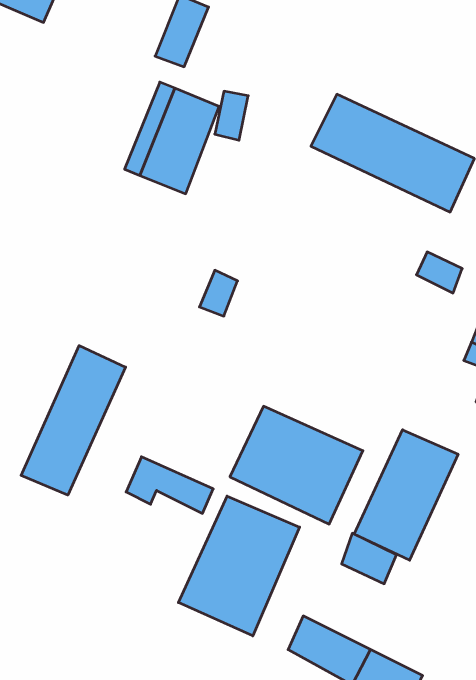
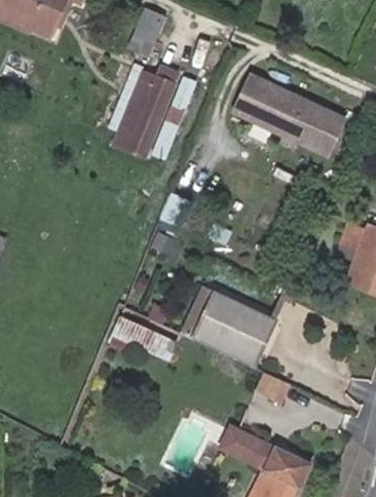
building: [21,346,126,495] -> none
building: [354,430,458,560] -> none
building: [178,496,300,636] -> none

